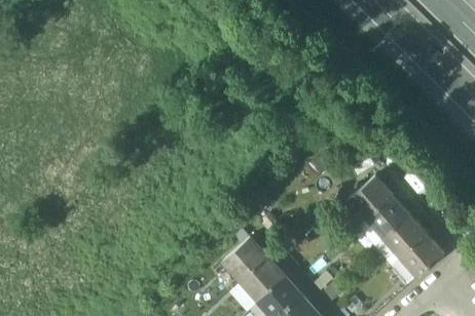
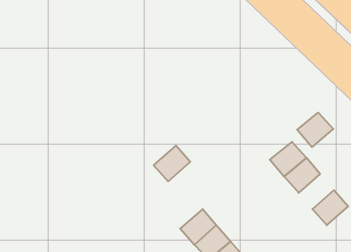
building: none -> [297,113,333,147]
building: [383,215,426,258] -> none
building: [223,238,267,281] -> [154,146,190,181]

